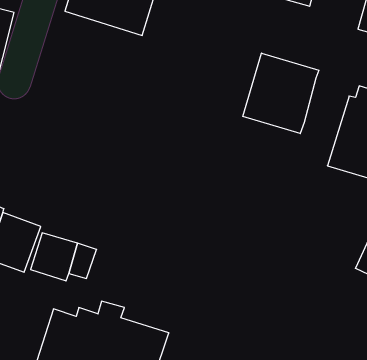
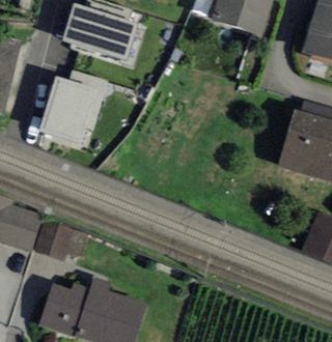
building: none -> [37,69,107,143]
building: [243,53,319,134] -> none

